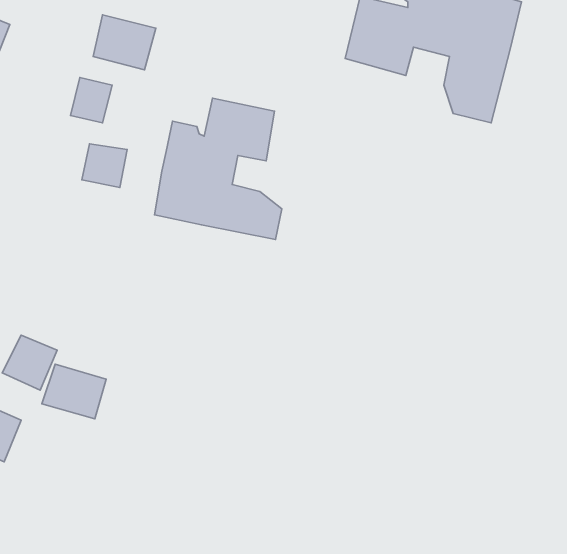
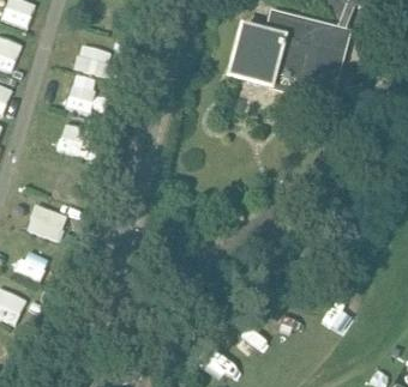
building: [154,98,282,239] -> none
building: [42,364,106,419] -> [26,205,67,240]

